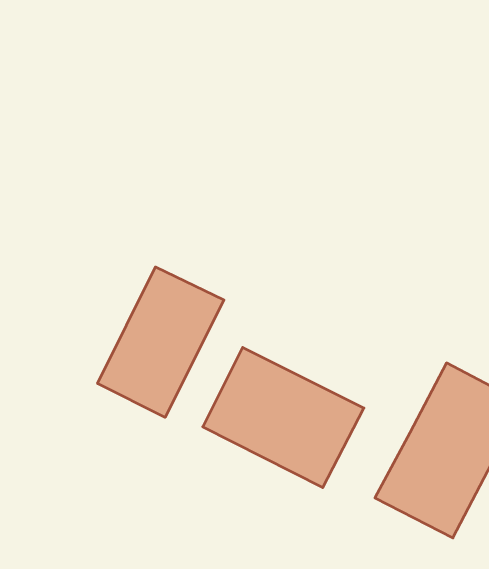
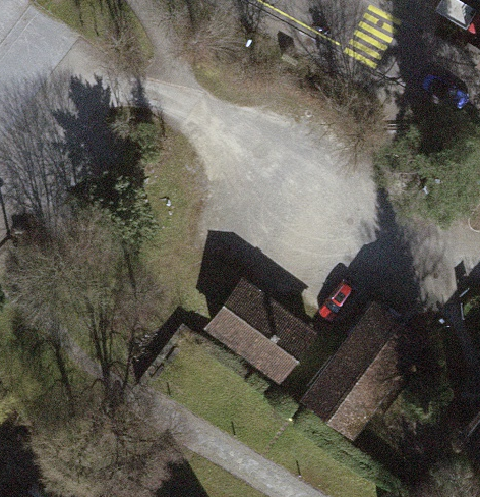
building: [98,267,224,417] -> none

